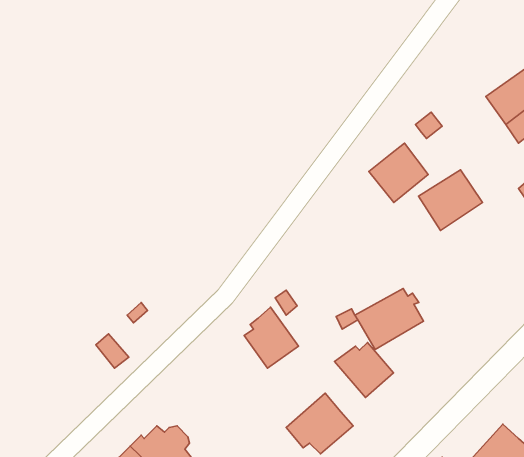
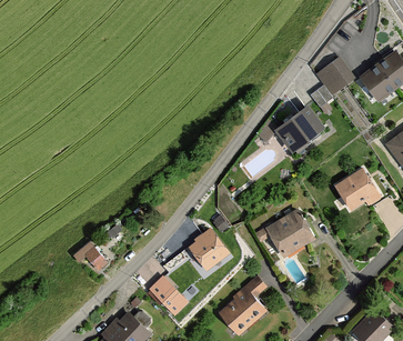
building: none -> [316,60,353,97]
building: [419,170,482,231] -> [333,167,379,210]
building: [335,343,394,398] -> none
building: none -> [148,275,188,315]

